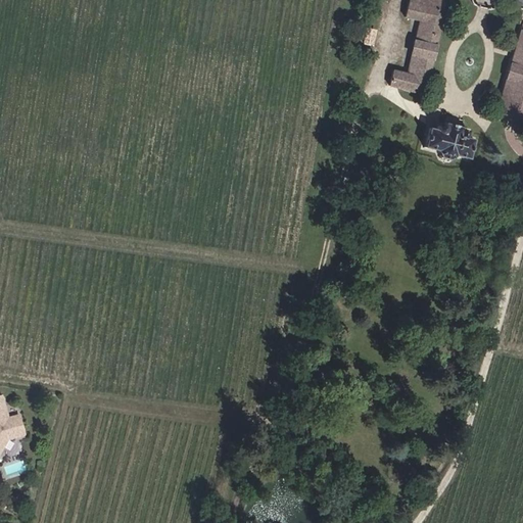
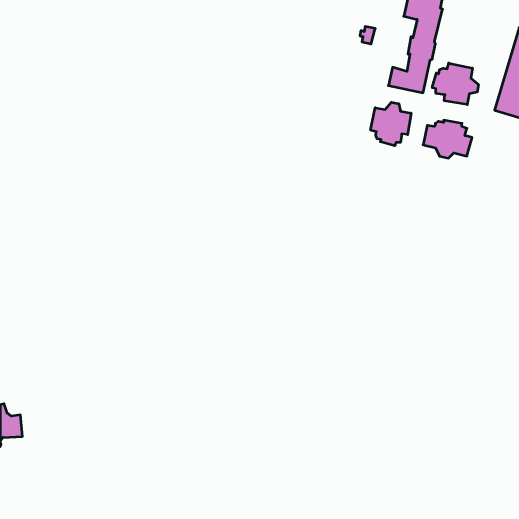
building: none -> [432,63,478,105]
building: none -> [371,102,411,146]

